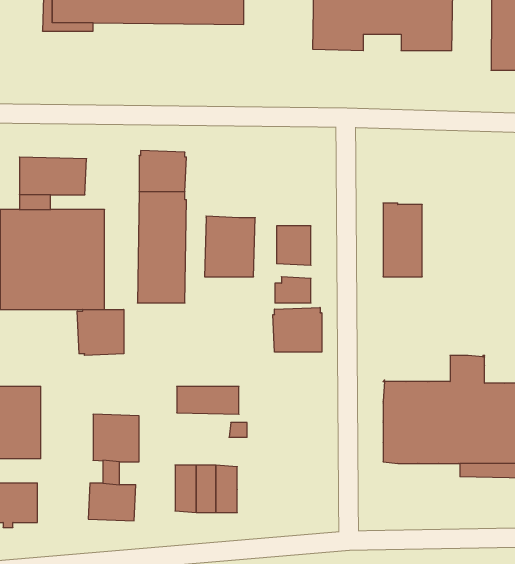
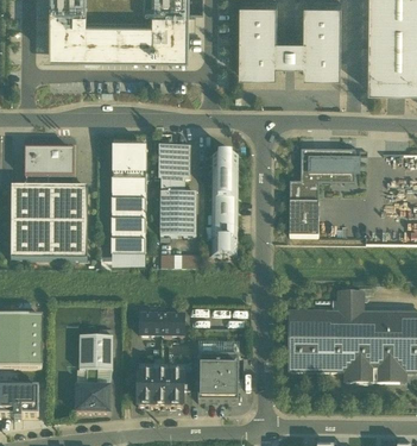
building: none -> [160,144,189,191]
building: none -> [299,149,354,182]
building: none -> [211,153,238,197]
building: [273,307,322,352] -> none
building: [77,309,124,355] -> none
building: none -> [197,351,238,402]

